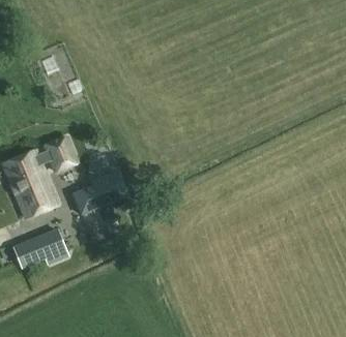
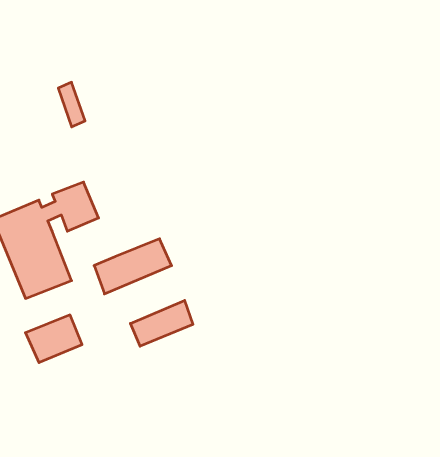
building: none -> [130,300,193,346]

